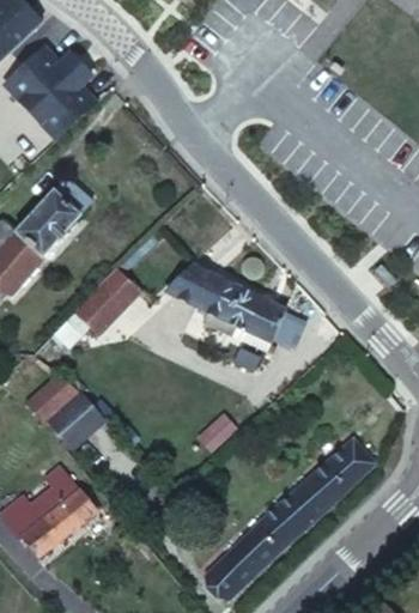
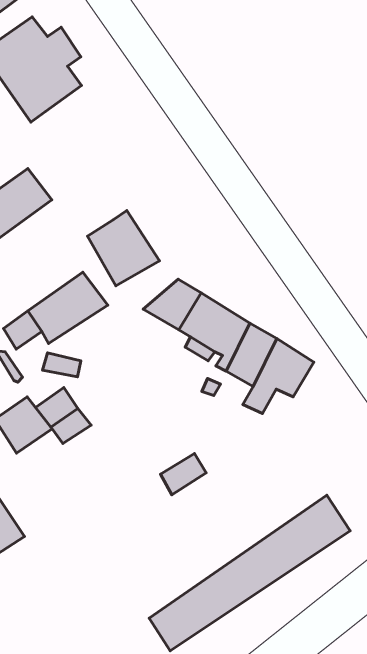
building: none -> [87,211,159,286]

